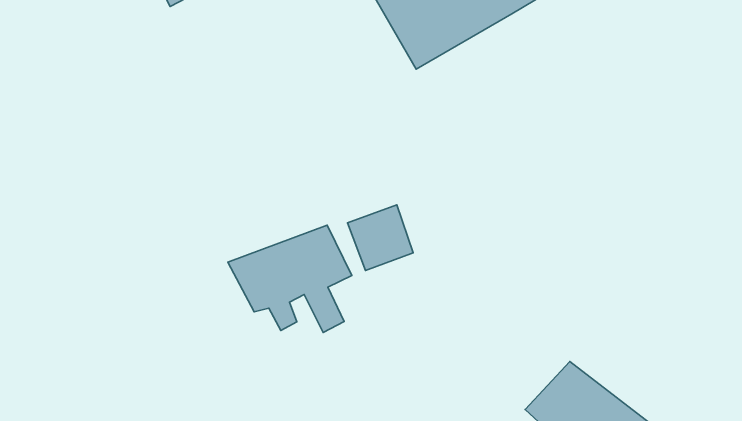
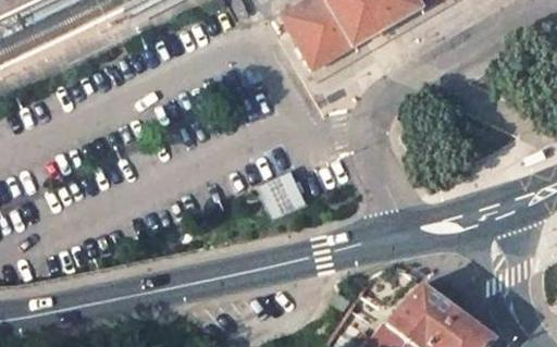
building: [228,225,352,333] -> none

